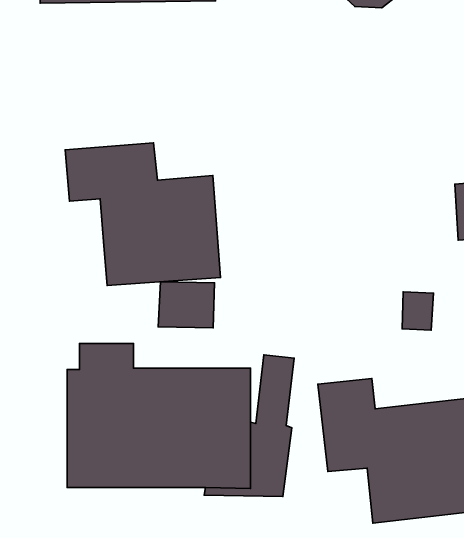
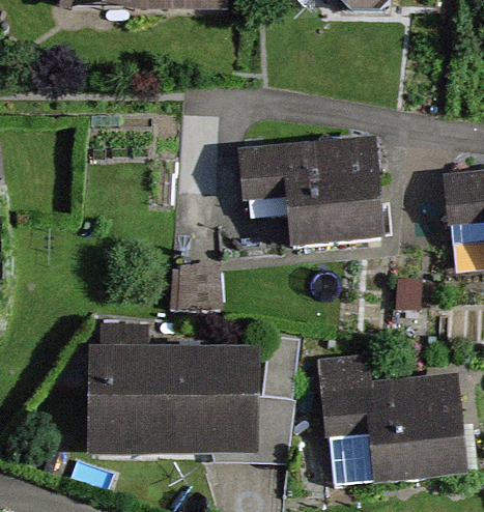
building: [65,143,221,286] -> none
building: none -> [236,138,380,246]

